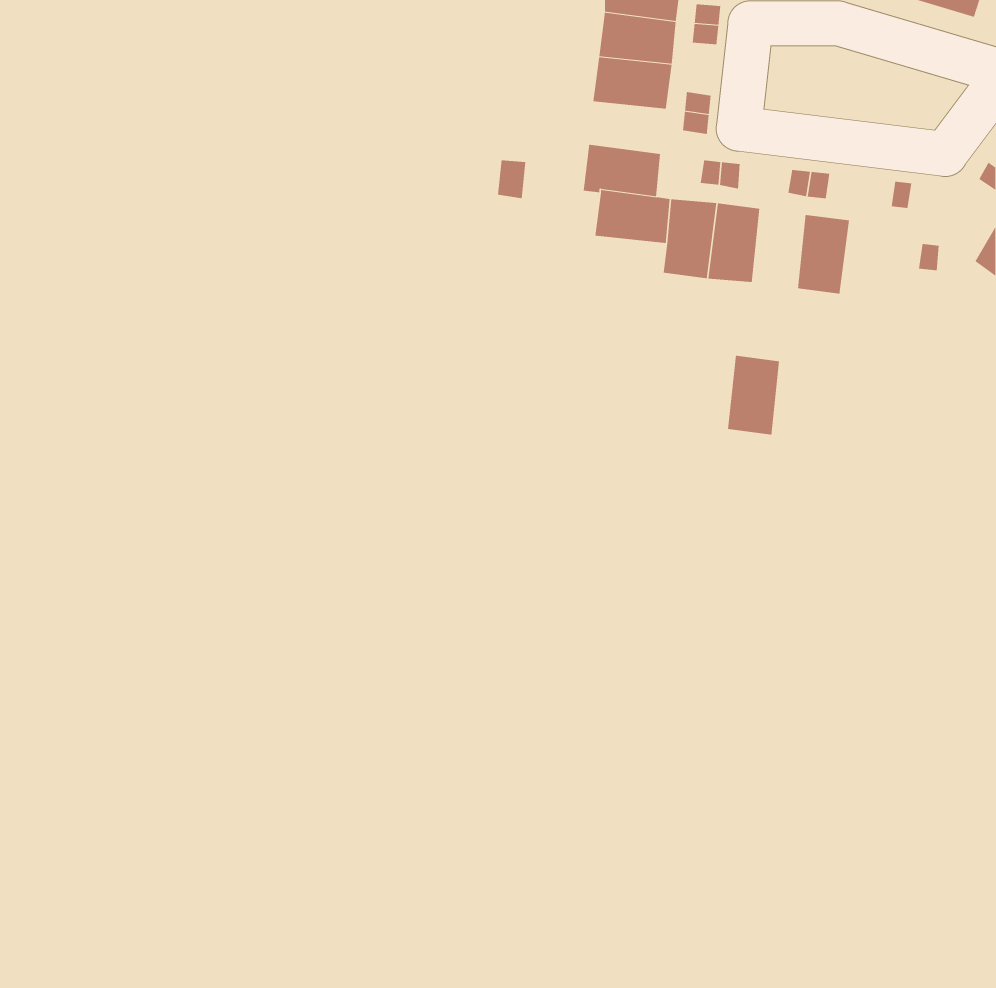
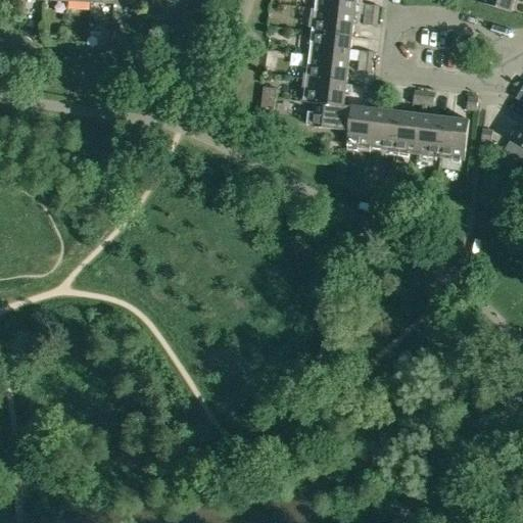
building: none -> [308,53,349,81]
building: none -> [440,115,470,157]
building: [727,355,780,435] -> [394,109,422,151]

